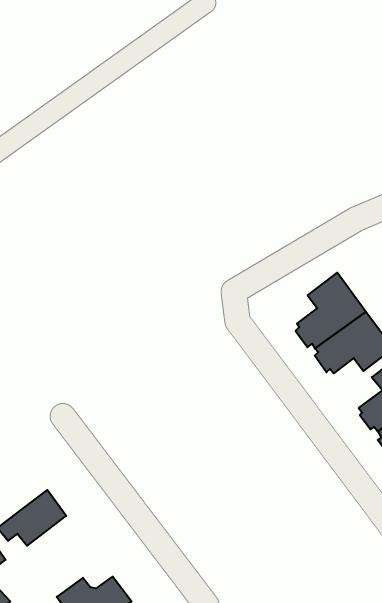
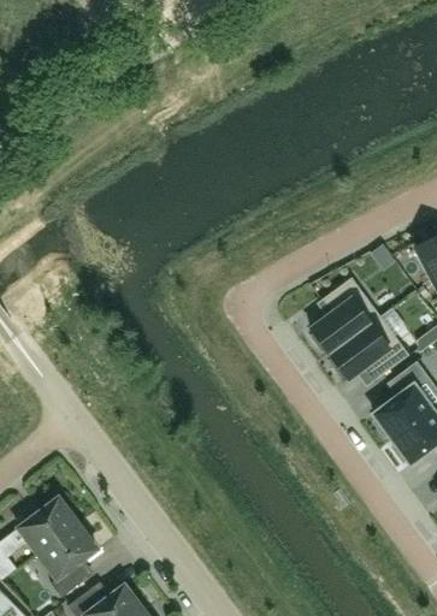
building: none -> [39,525,98,598]

